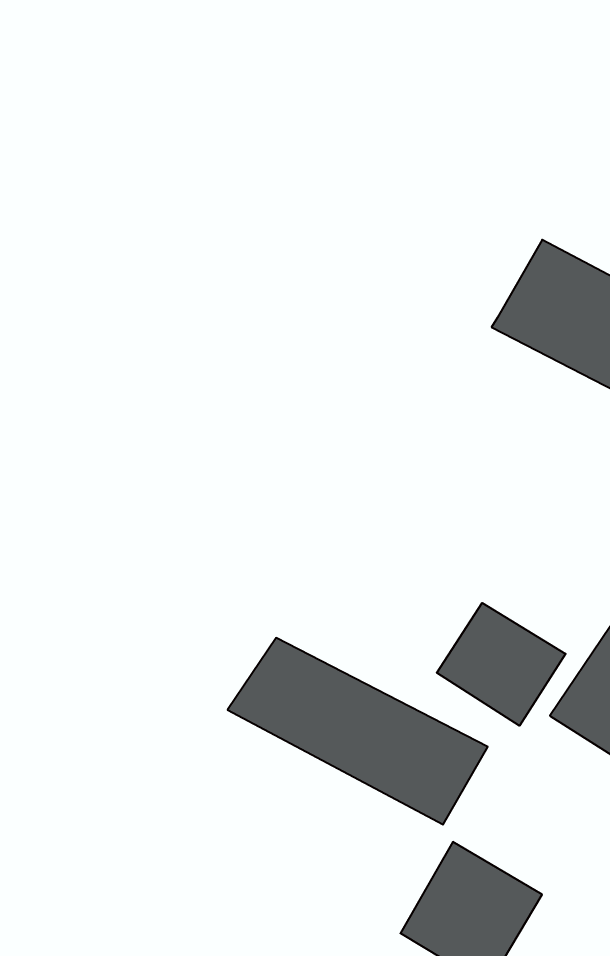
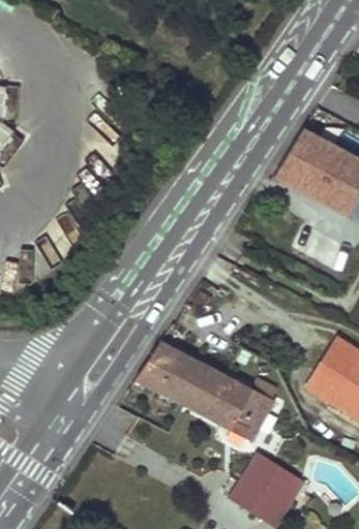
building: [437,603,566,726] -> none

